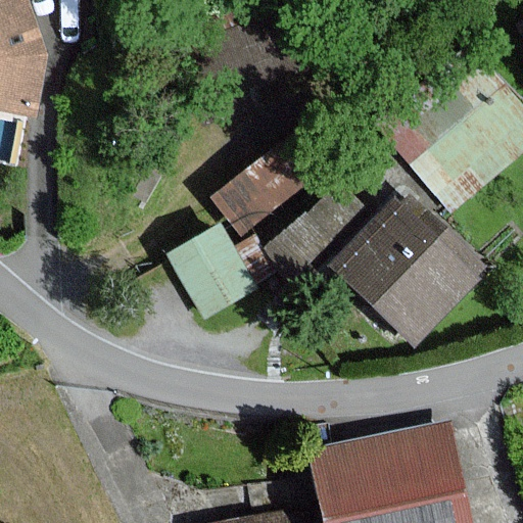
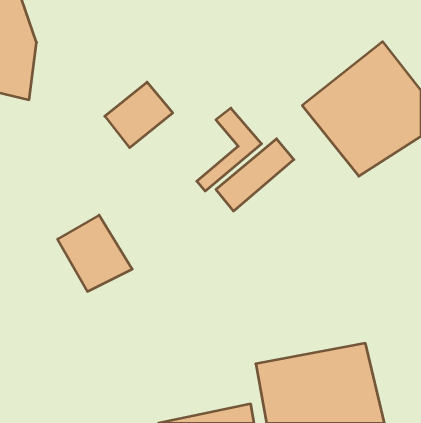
building: [204,143,288,224] -> [105,82,173,148]
building: [335,205,484,356] -> none
building: [163,225,255,319] -> [58,215,132,291]

